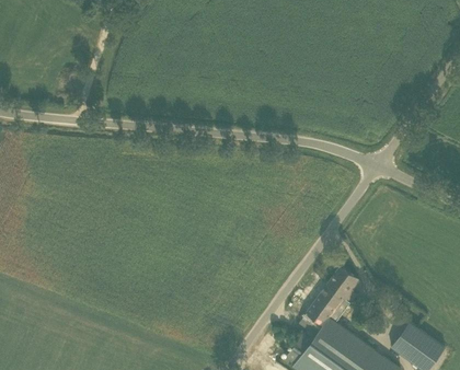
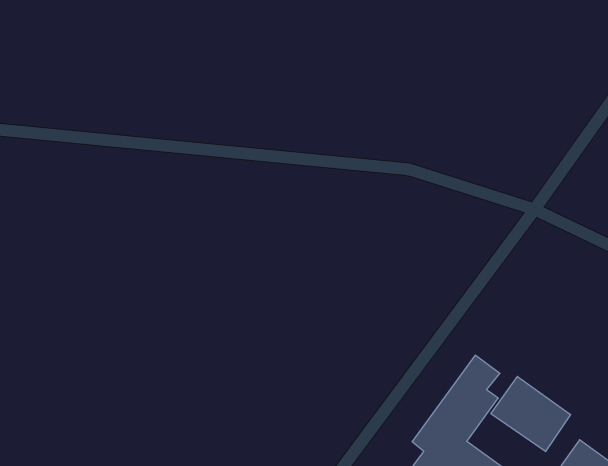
building: none -> [491,376,571,452]

